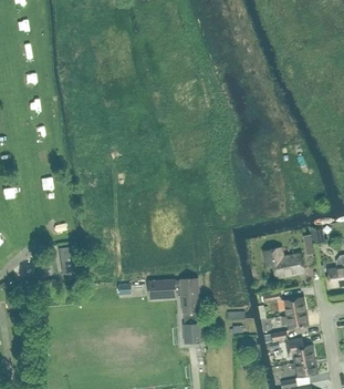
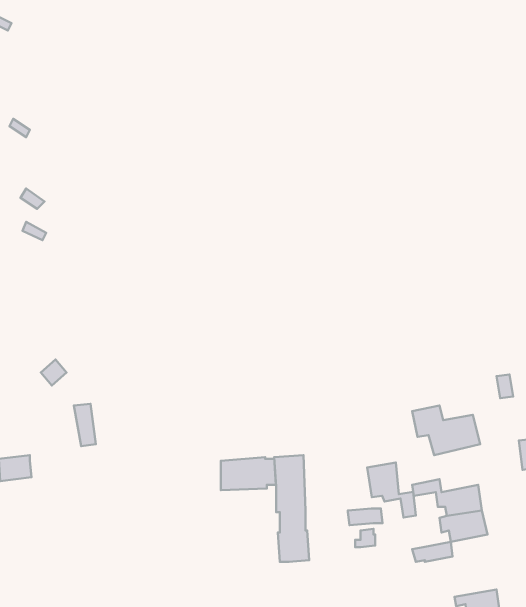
building: none -> [367,463,416,517]
building: [285,339,314,364] -> none

